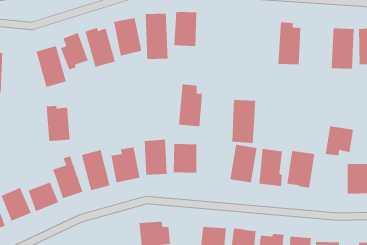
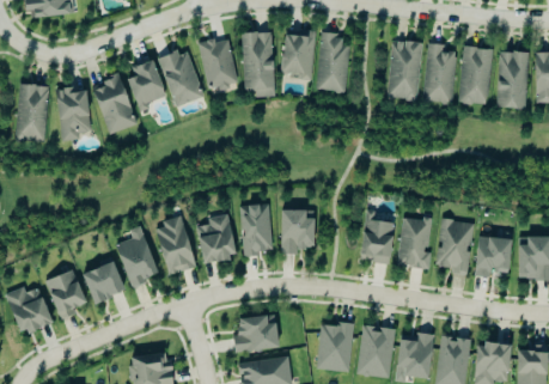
building: none -> [459,47,492,104]
building: [178,83,203,127] -> [316,32,349,92]
building: [232,99,256,144] -> [388,41,421,102]
building: [46,105,70,142] -> [56,87,90,138]
building: [325,126,354,156] -> [472,236,512,278]

